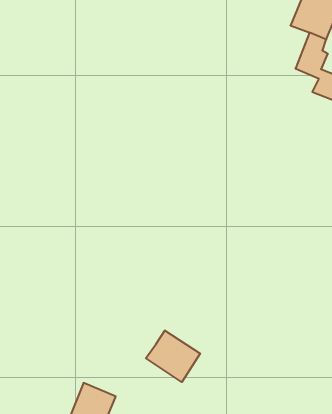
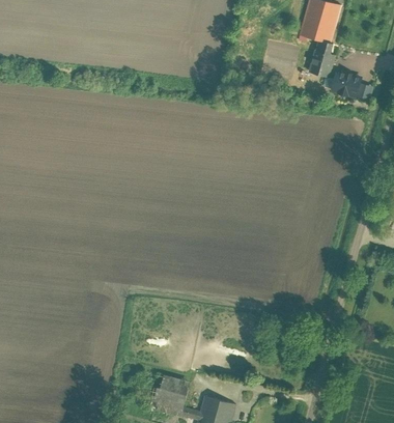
building: [146,330,200,382] -> none

